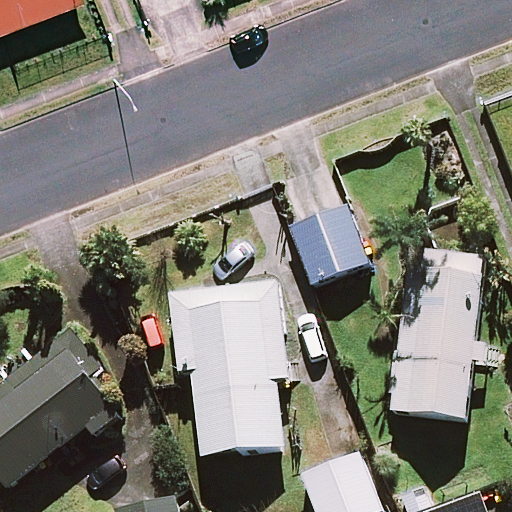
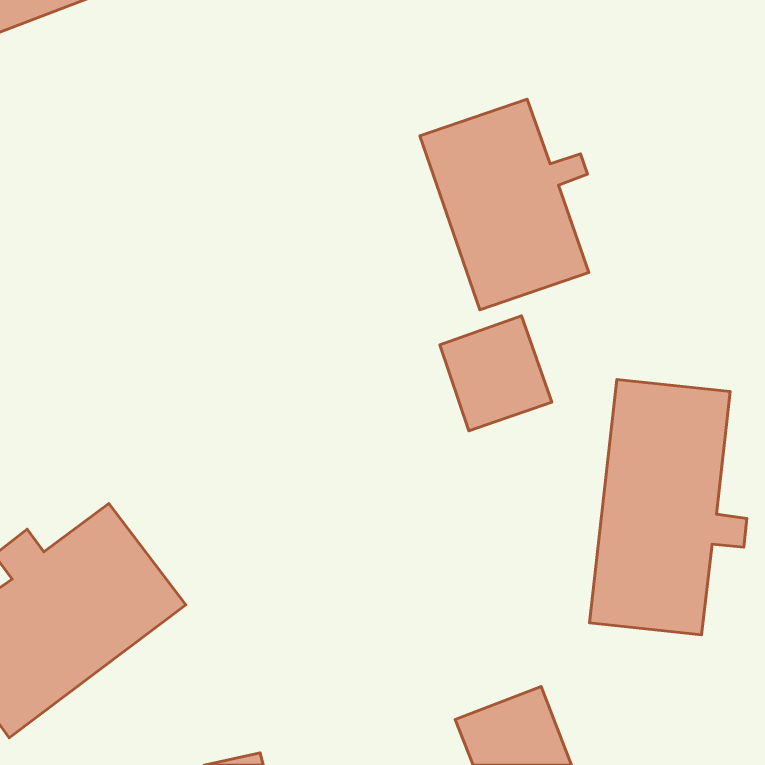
building: none -> [420,99,589,310]
building: [170,285,287,457] -> none

